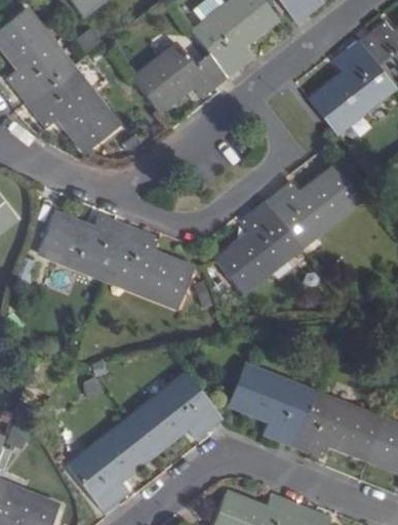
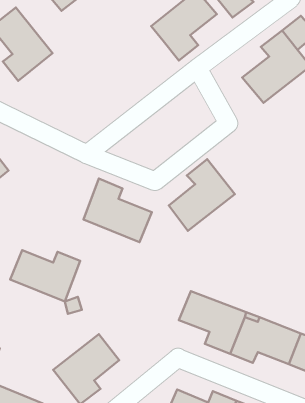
building: [134,45,229,112] -> none
building: [27,68,117,153] -> none
building: [265,167,360,245] -> none
building: [40,212,128,277] -> [10,250,80,302]
building: [128,375,223,454] -> none

